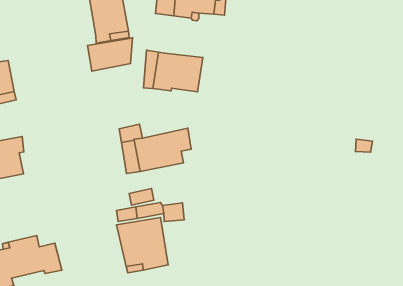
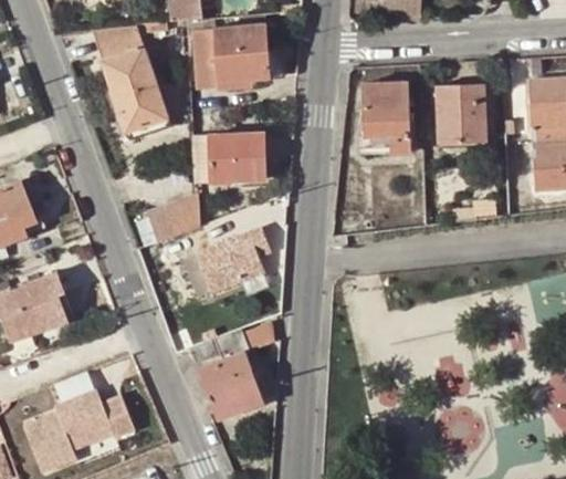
building: none -> [365,81,411,152]
building: [88,37,132,71] -> [146,192,203,243]
building: none -> [436,82,489,143]

